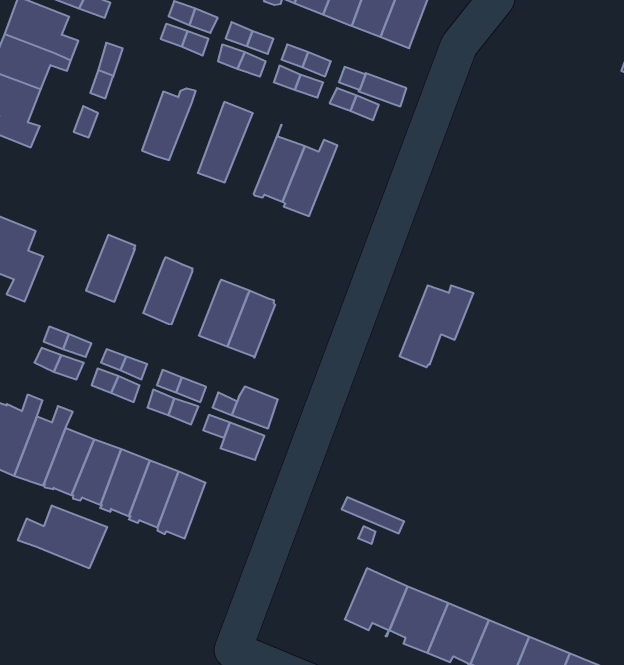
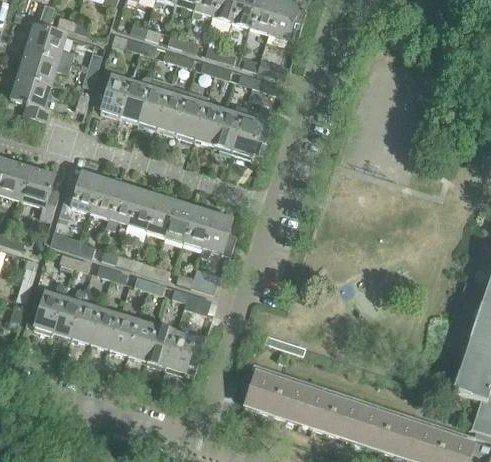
building: none -> [94,67,130,119]
building: none -> [137,78,170,131]
building: none -> [174,90,208,142]
building: none -> [58,169,101,220]
building: none -> [106,183,138,230]
building: none -> [146,194,175,236]
building: [399,285,474,367] -> [230,106,275,160]
building: none -> [199,210,236,258]
building: none -> [164,331,205,374]
building: [18,505,107,568] -> none
building: none -> [243,370,283,413]

